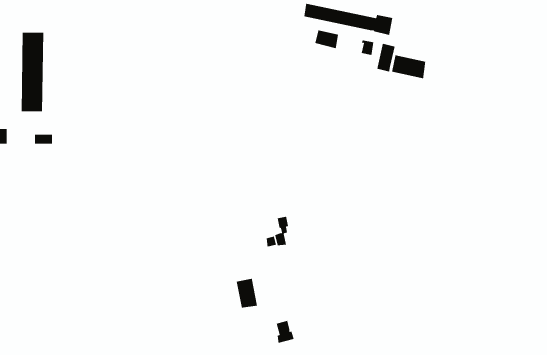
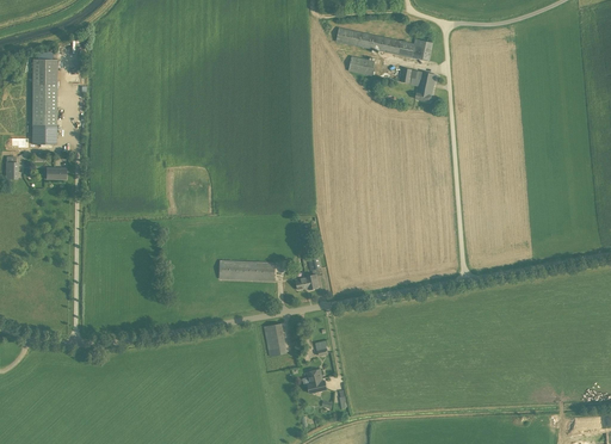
building: [391,54,426,79] -> none
building: none -> [217,259,274,280]

